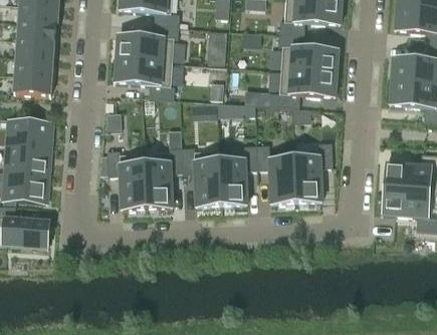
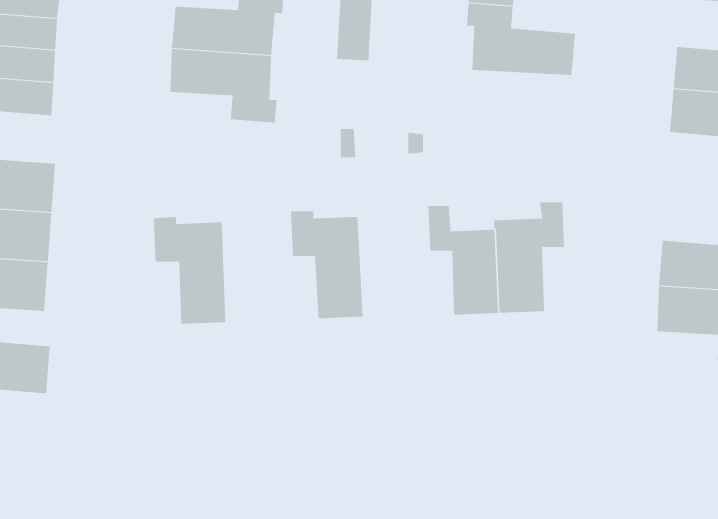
building: [268,69,336,106] -> none
building: [218,143,257,205] -> none
building: [144,146,182,208] -> none

